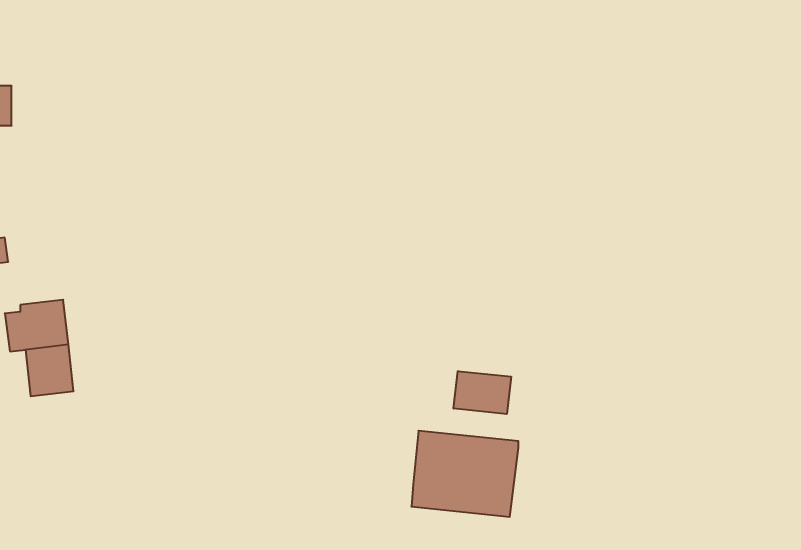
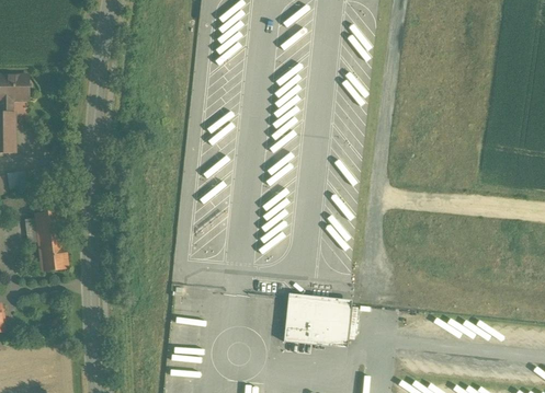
building: [454,371,511,414] -> none

